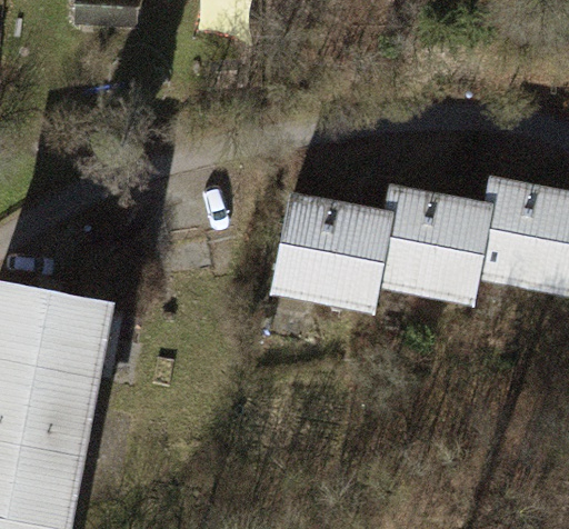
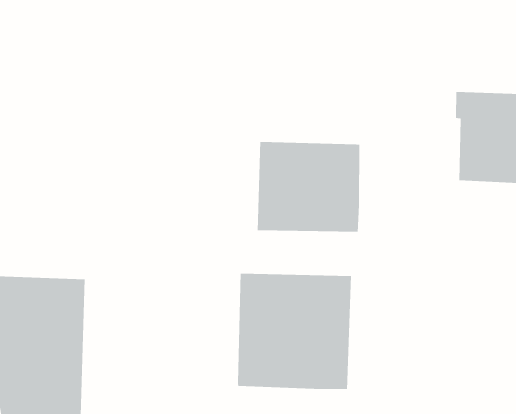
building: [383,192,495,297] -> none
building: none -> [237,273,352,390]

